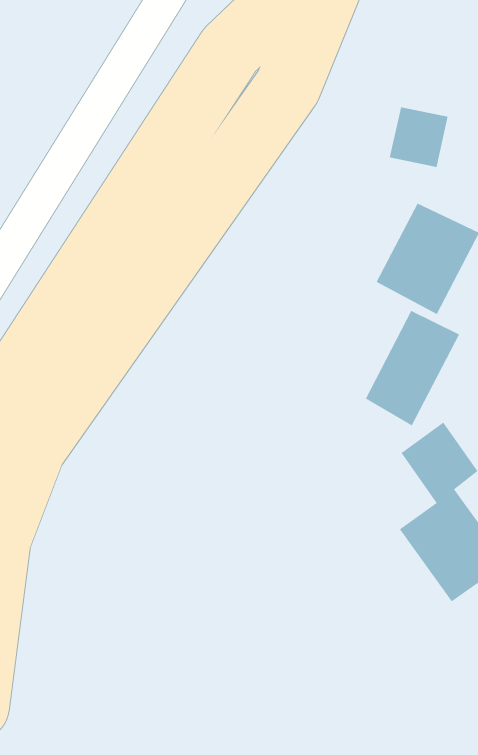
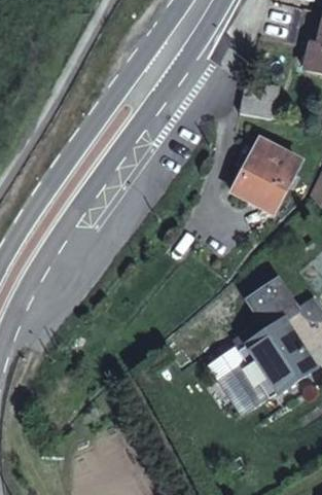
building: [365,310,460,427] -> none
building: none -> [209,339,280,414]

